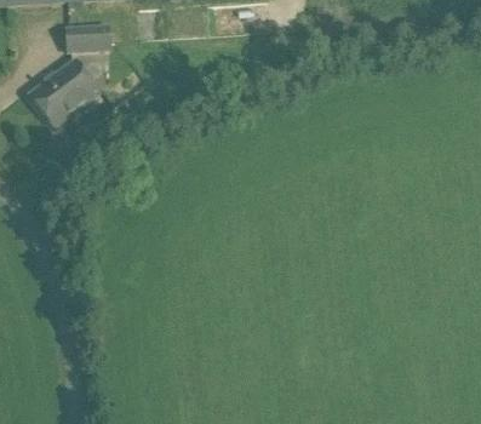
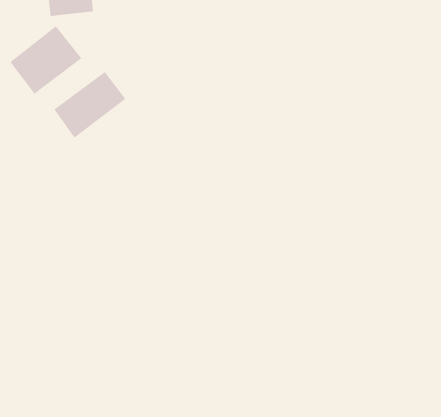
building: none -> [54,71,126,139]

